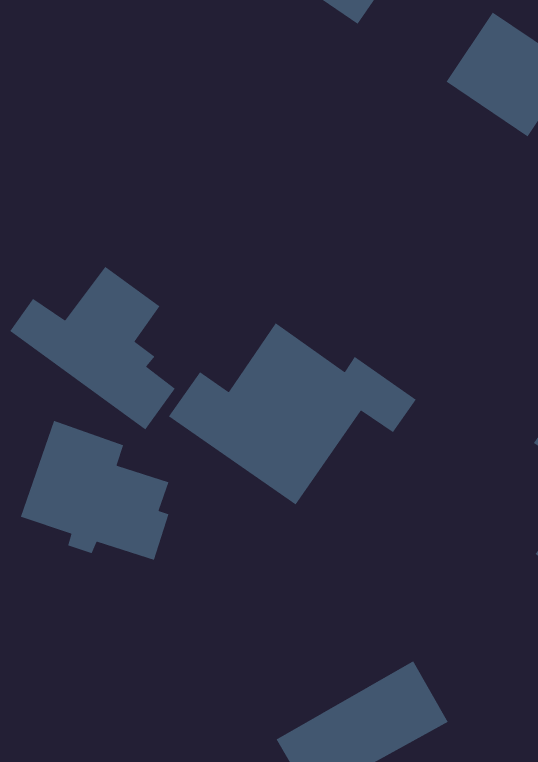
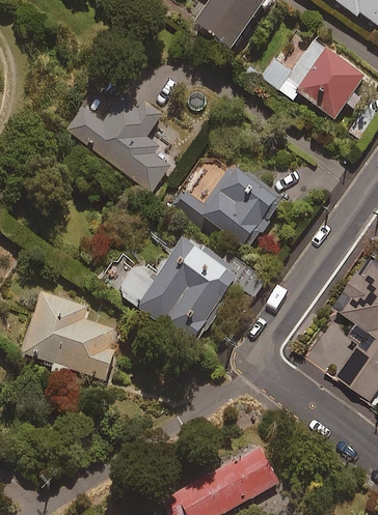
building: none -> [171,166,281,253]
building: [9,266,176,430] -> [66,90,169,192]

